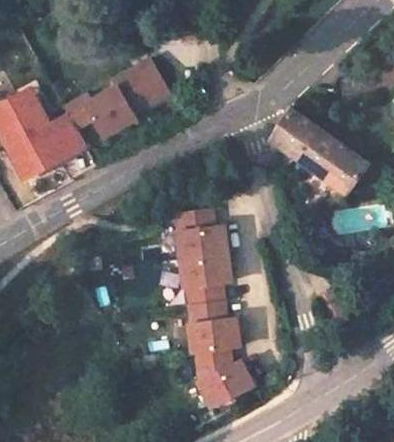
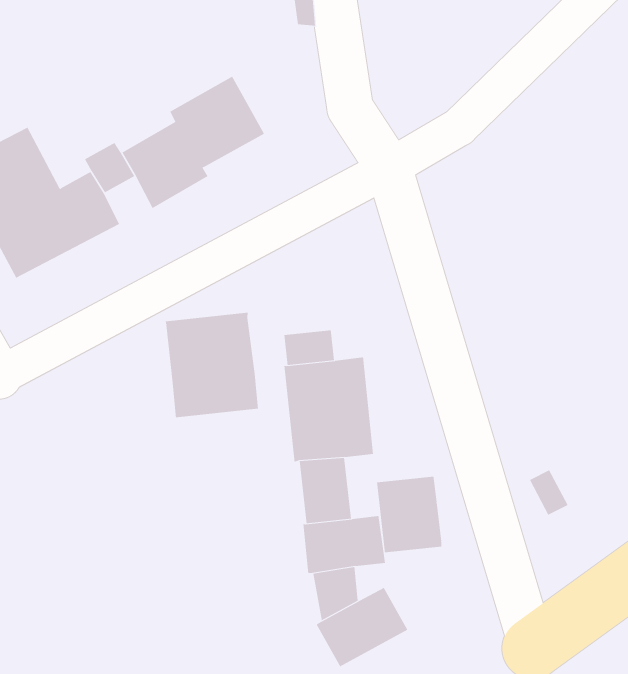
building: [274,110,369,194] -> none
building: none -> [165,312,259,418]
building: none -> [377,476,442,553]

